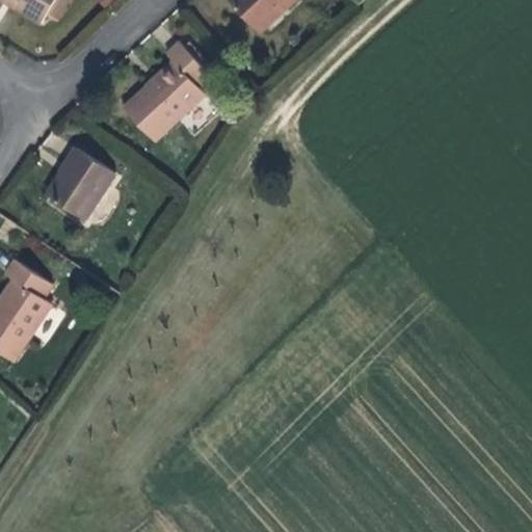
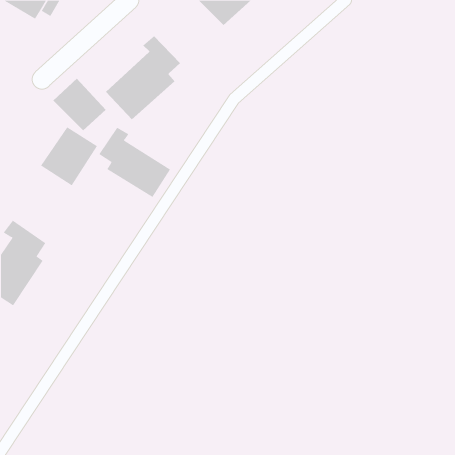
building: none -> [53,78,107,131]
building: none -> [99,127,171,198]

